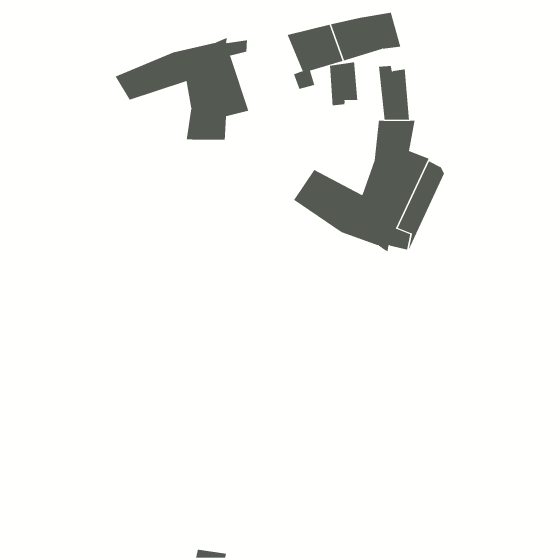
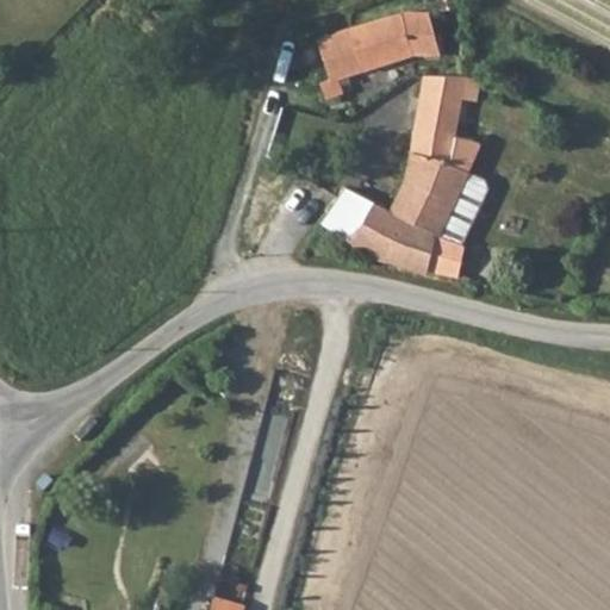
building: [115,37,249,141] -> none
building: [330,61,358,106] -> none

